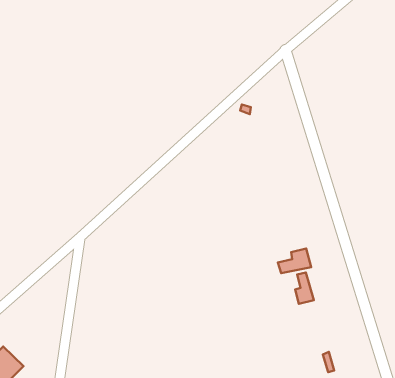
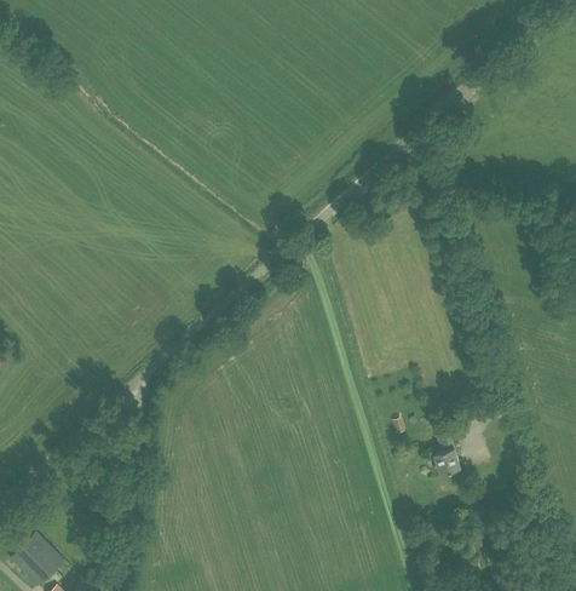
building: [278,248,311,273] -> none

